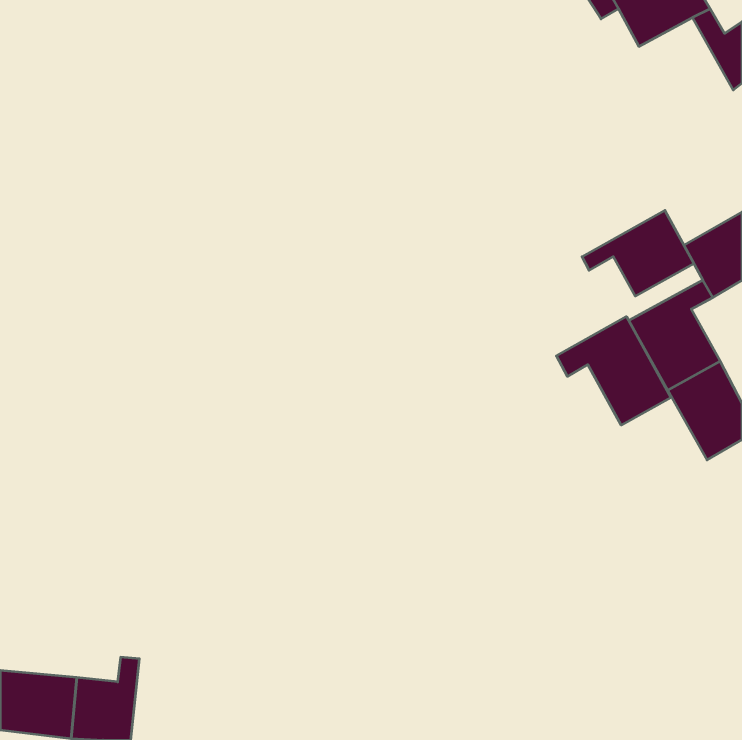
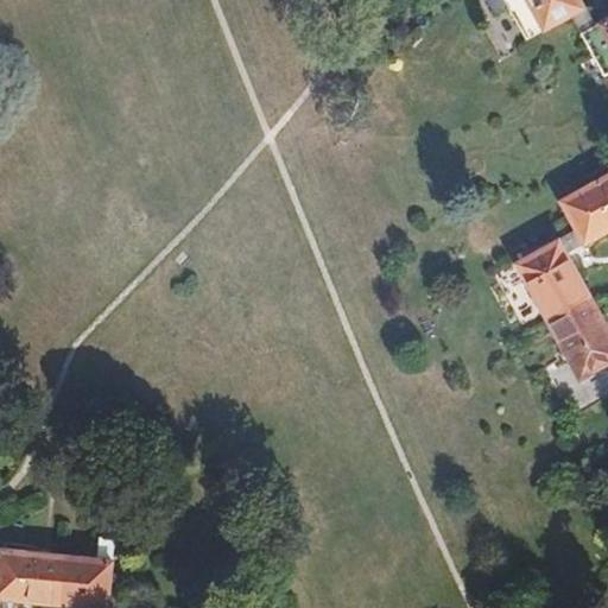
building: [582,210,694,296] -> none
building: [556,317,671,425] -> none

